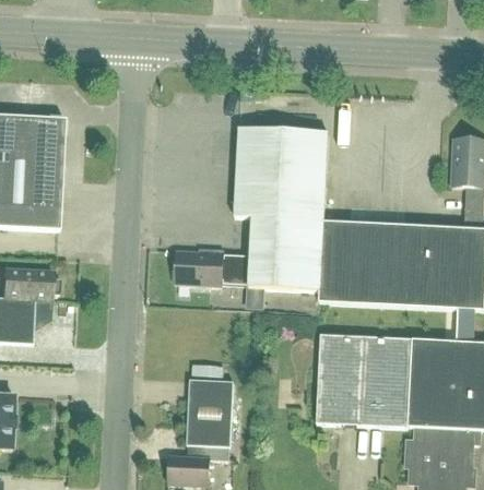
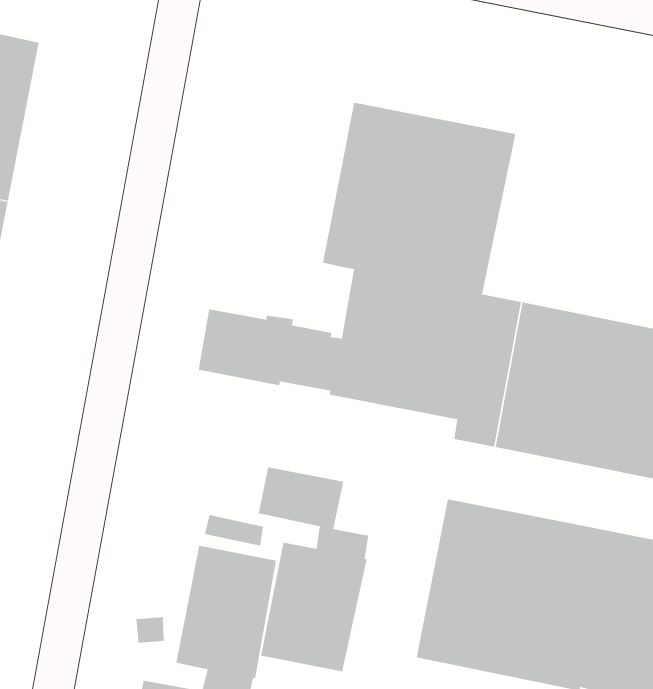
building: none -> [258,466,369,672]

